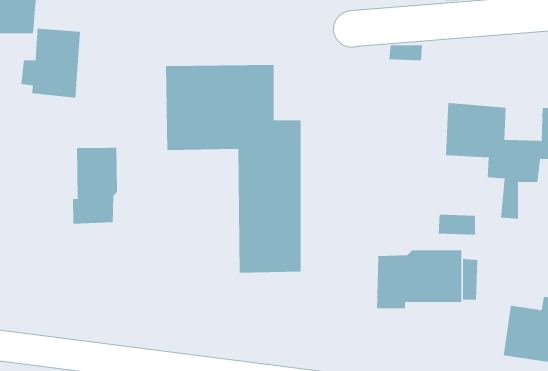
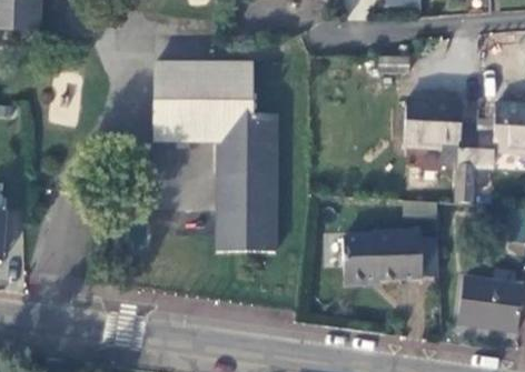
building: [21,28,81,99] -> none
building: [73,147,117,225] -> none

